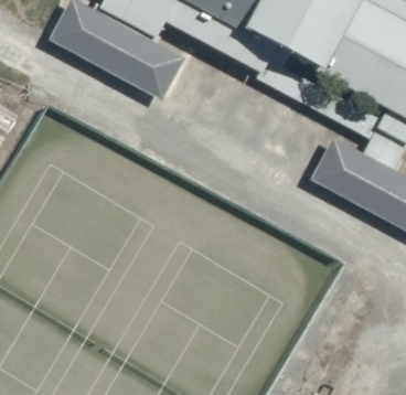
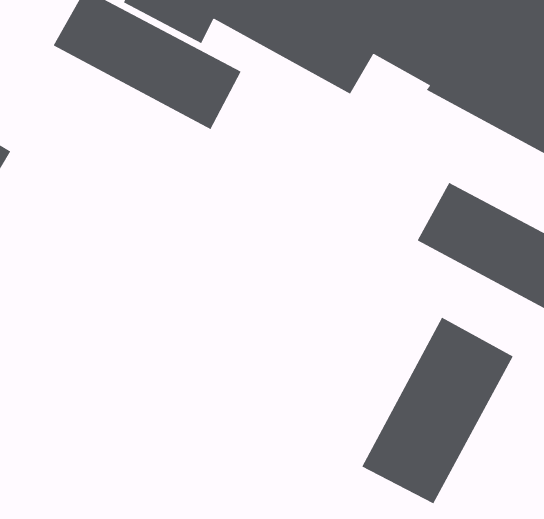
building: none -> [362,317,514,504]

